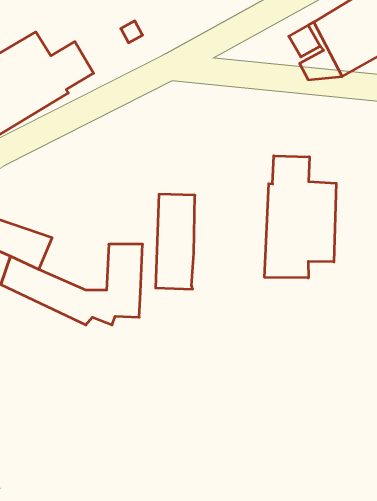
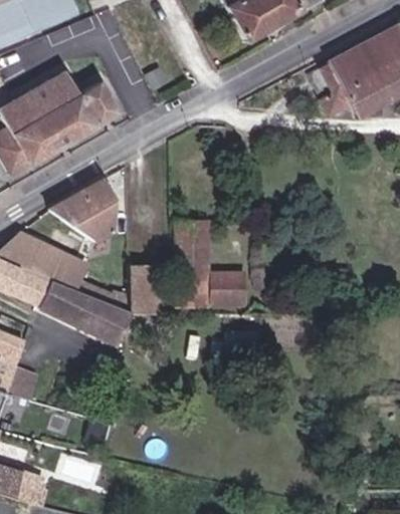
building: none -> [56,178,123,240]
building: [265,156,336,278] -> none
building: none -> [217,276,252,307]

